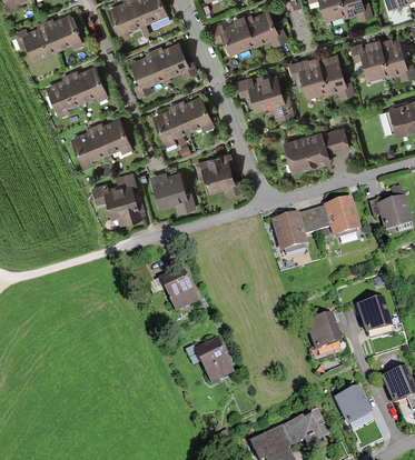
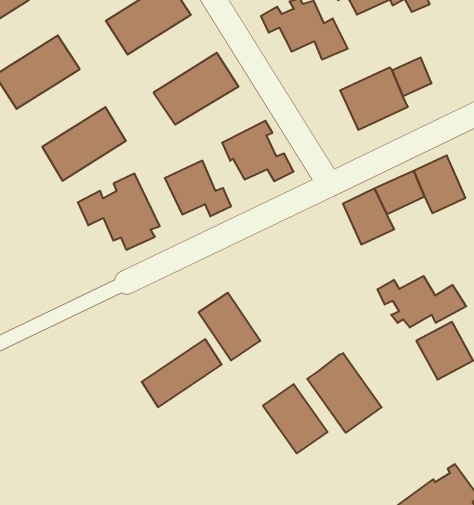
building: none -> [378,276,466,328]
building: none -> [142,339,222,407]
building: none -> [307,353,382,433]

